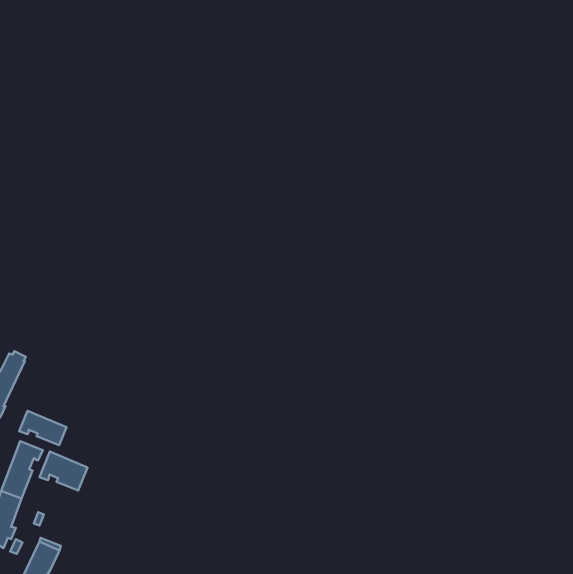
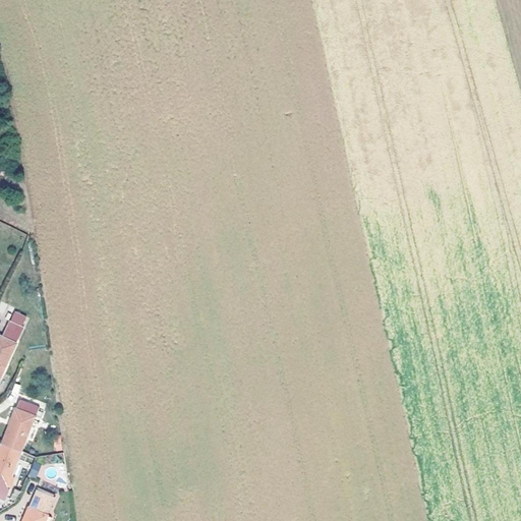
building: [19,411,67,445] -> none
building: [40,452,88,490] -> none

